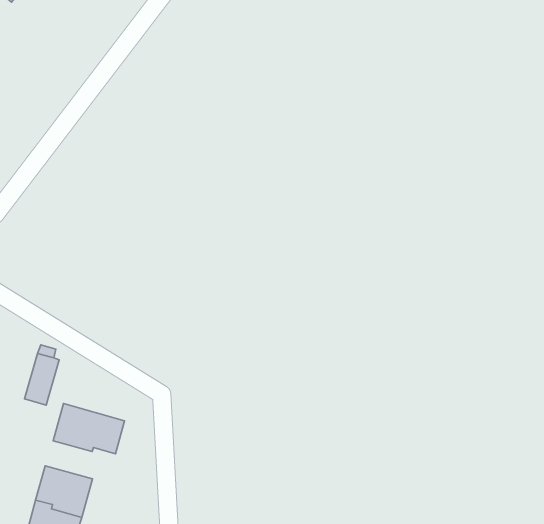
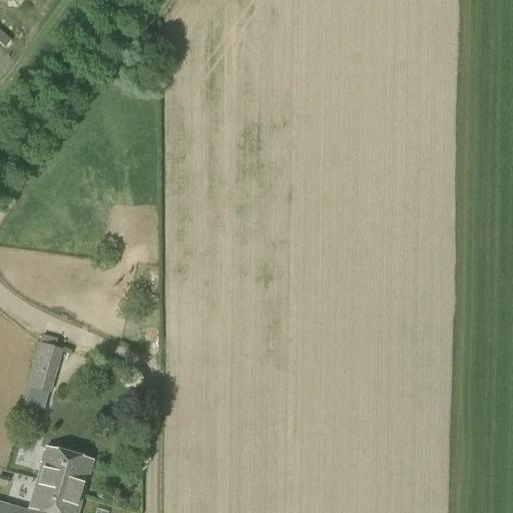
building: [53,404,124,454] -> none

